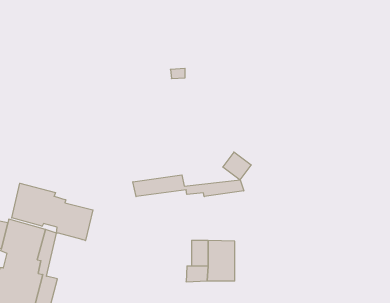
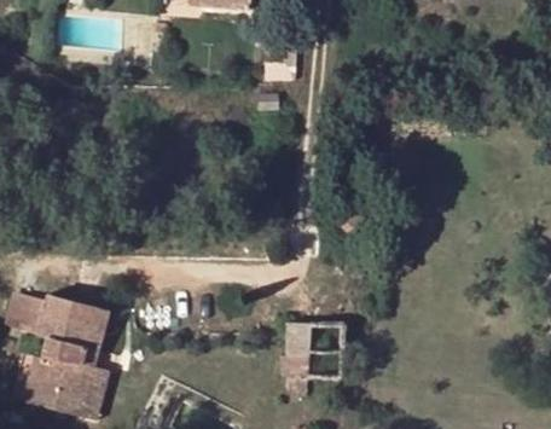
building: [133,175,244,197] -> none
building: [12,183,93,241] -> none

